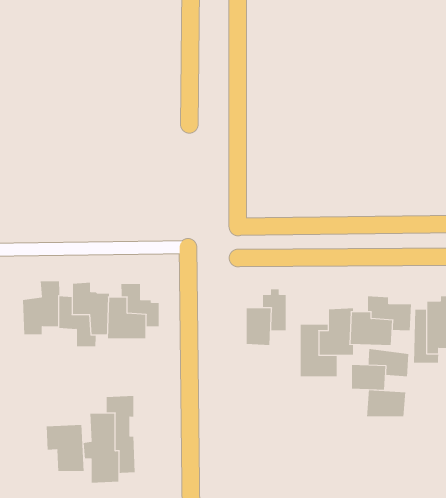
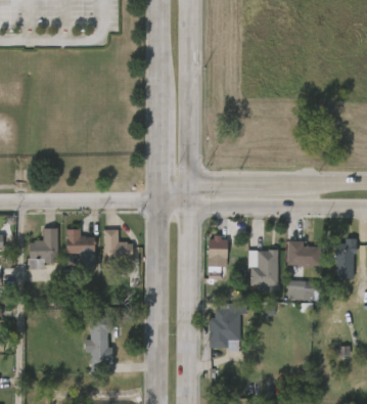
building: none -> [211,307,242,347]
building: [366,390,406,417] -> none
building: [46,424,84,472] -> none

